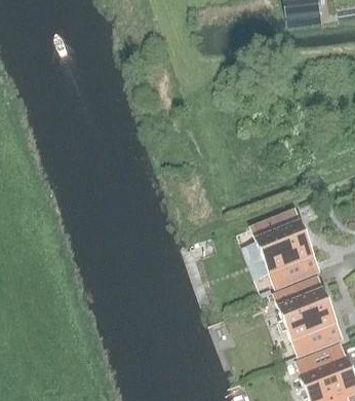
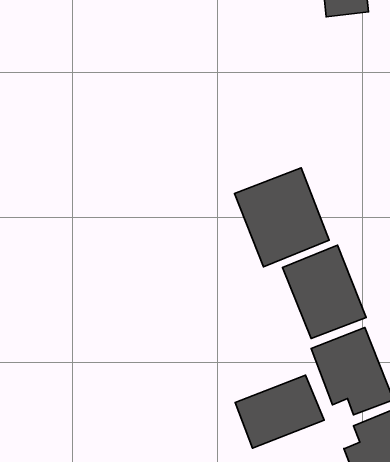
building: none -> [234,168,329,267]
building: none -> [235,375,324,448]

